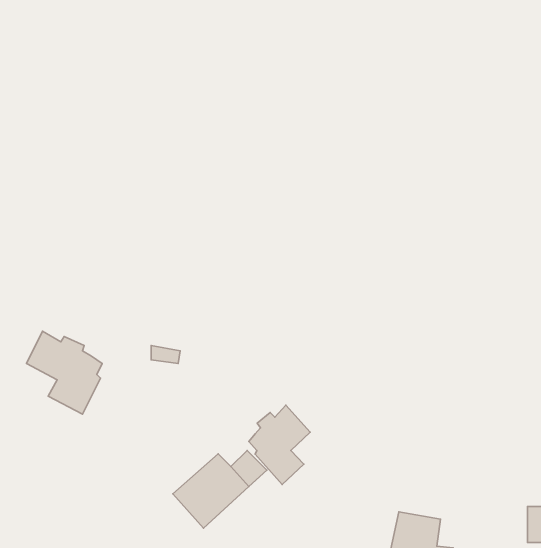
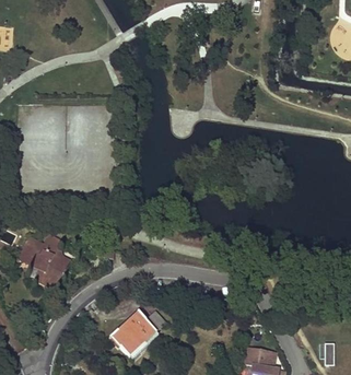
building: [249,405,310,484] -> none

